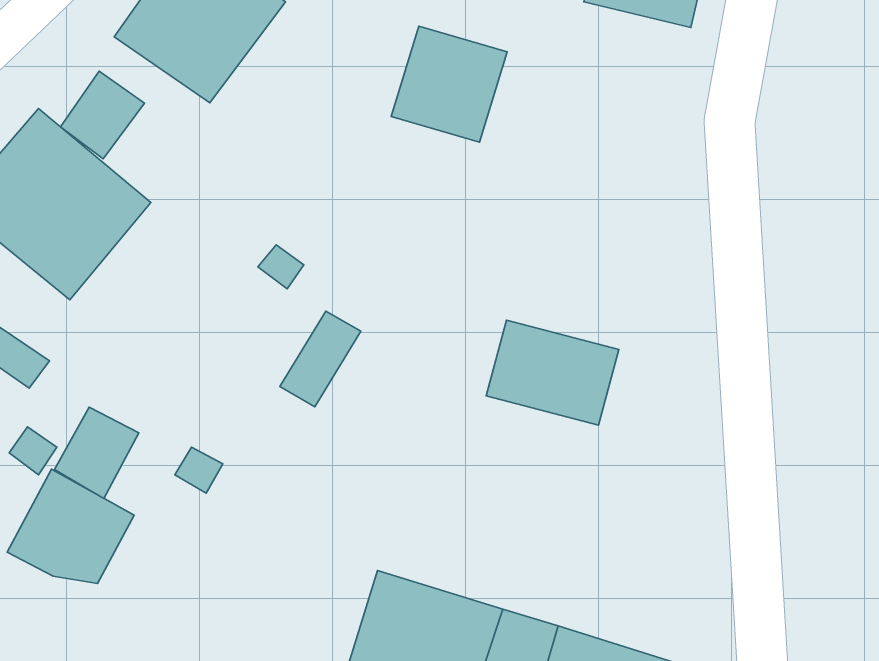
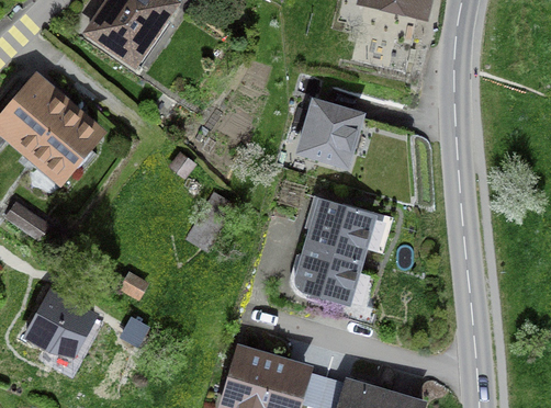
building: [391,26,507,142] -> [296,100,366,169]
building: [60,71,144,159] -> none
building: none -> [290,241,370,307]
building: [55,407,139,498] -> none

